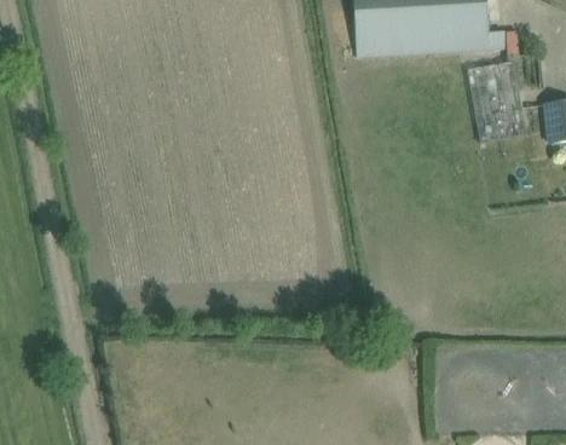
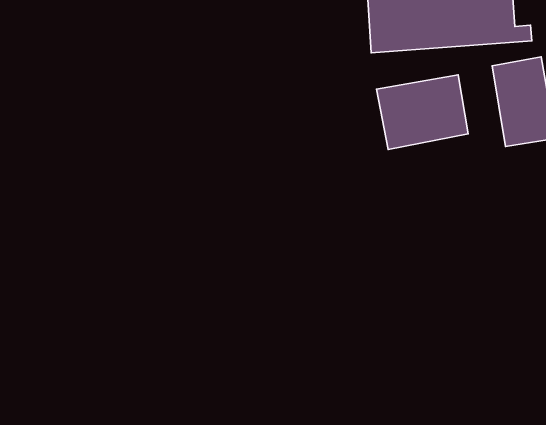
building: none -> [377,75,468,149]

